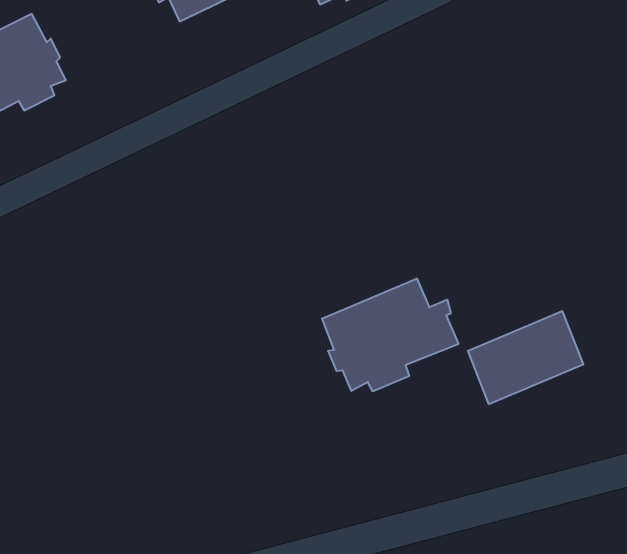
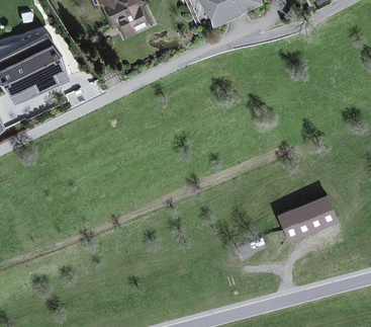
building: [322,278,458,391] -> none

